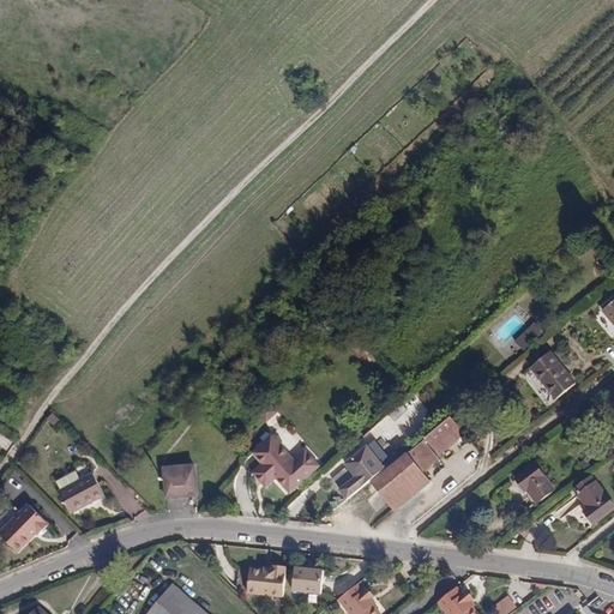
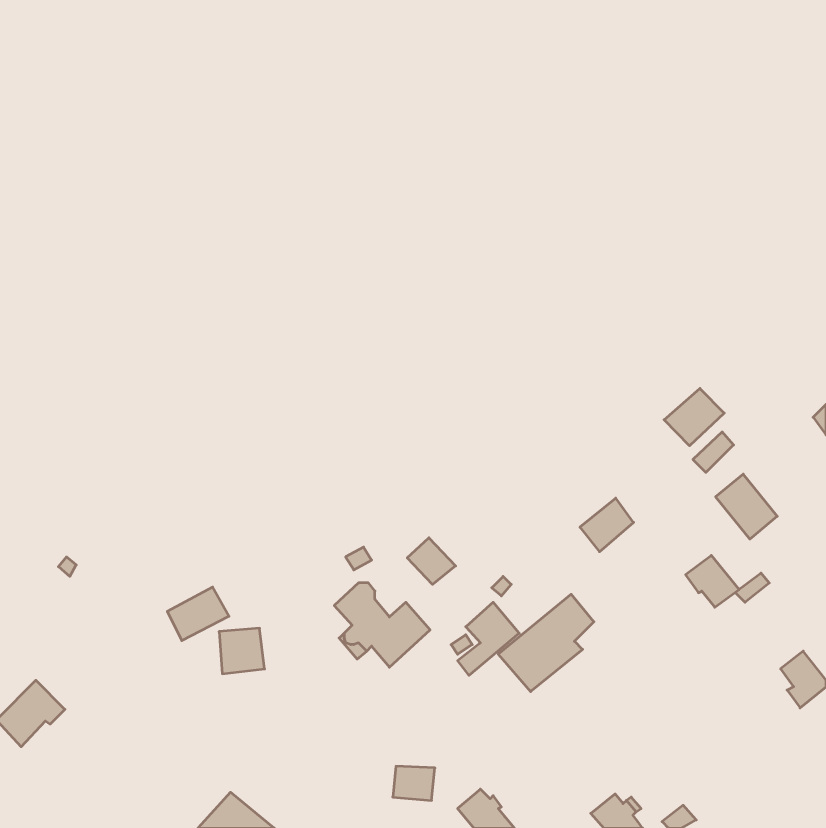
building: none -> [664,388,724,446]
building: none -> [407,538,456,584]
building: [425,415,464,455] -> [580,498,634,552]
building: [513,463,553,501] -> [686,555,739,607]
building: [58,472,103,512] -> [167,587,229,641]
building: [246,561,284,592] -> none

